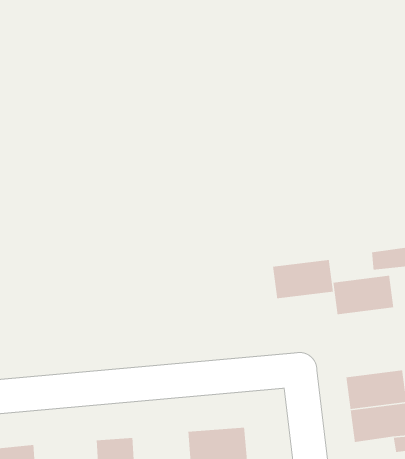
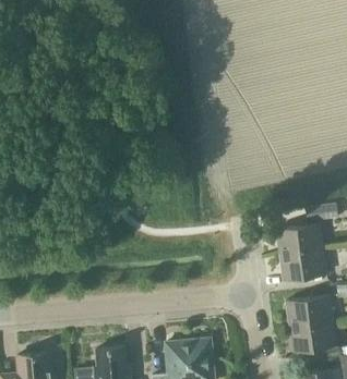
building: [272,259,334,299] -> [279,249,326,280]

